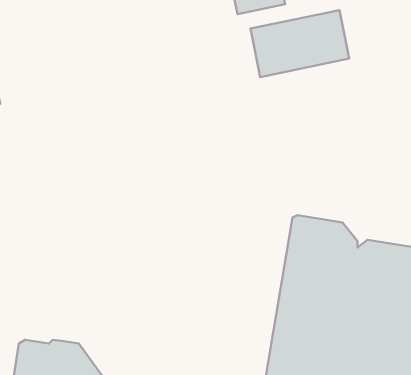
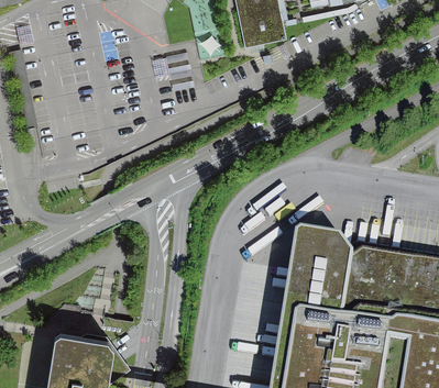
building: [250,10,349,77] -> none

